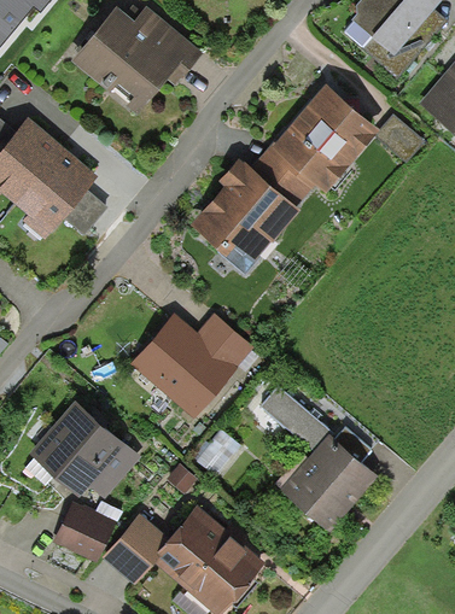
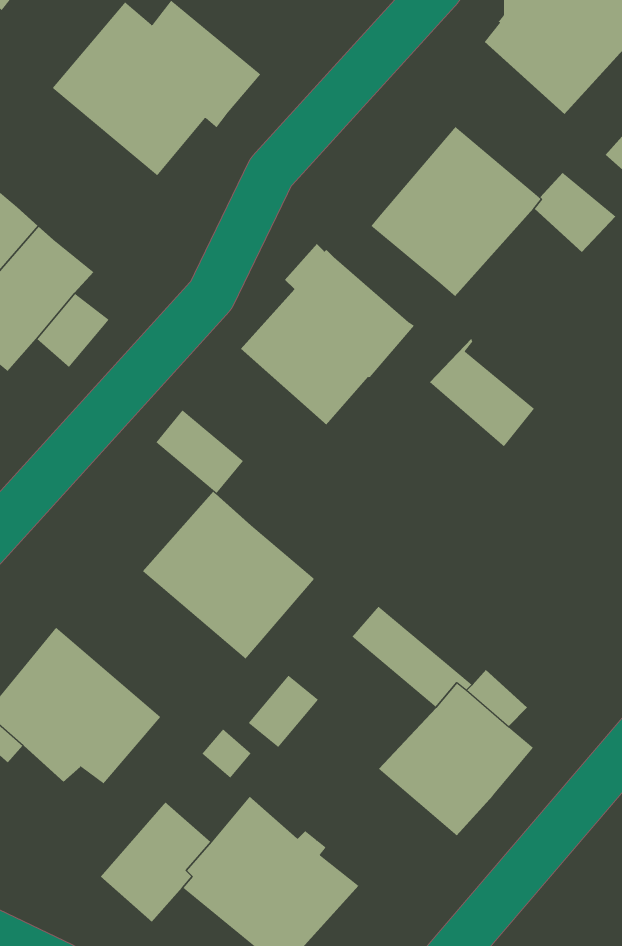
building: [250,139,316,207] -> [429,338,535,447]
building: [198,315,253,368] -> [155,409,244,494]
building: [53,501,116,562] -> none

